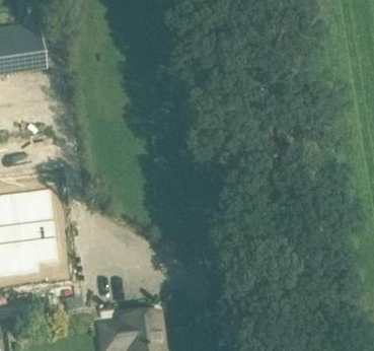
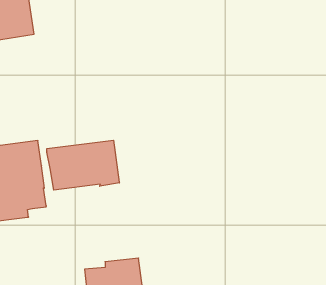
building: none -> [47,140,119,190]

